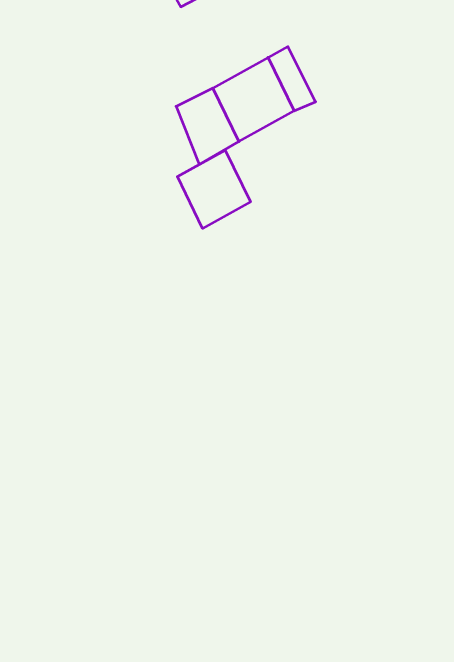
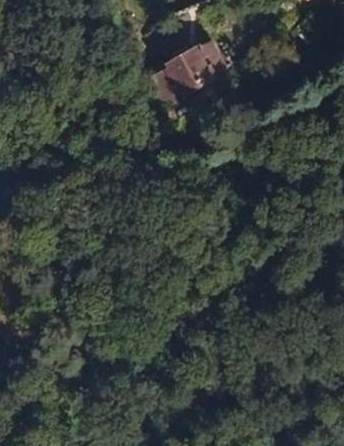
building: [177,150,250,228] -> none

